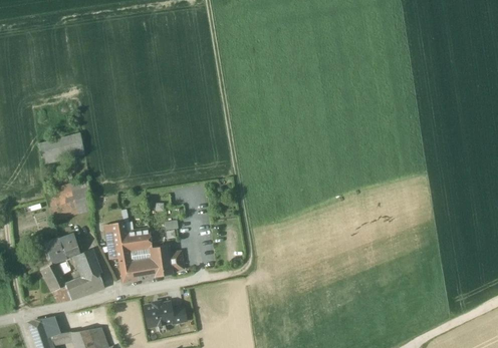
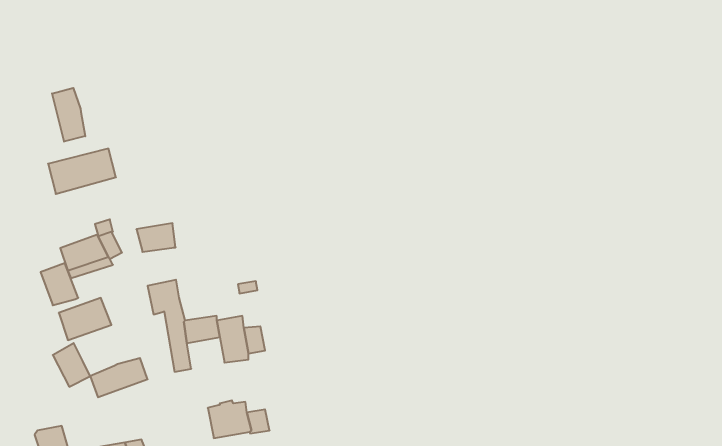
building: none -> [52,88,85,142]
building: [126,229,152,248] -> [136,223,176,252]
building: [76,249,101,277] -> [41,263,78,305]
building: [131,259,156,280] -> none

